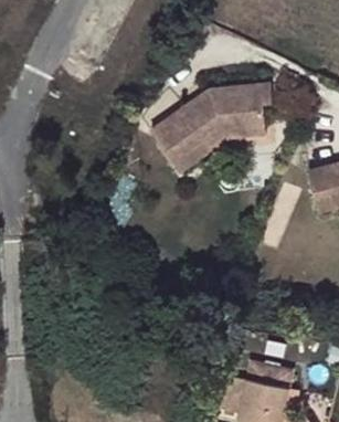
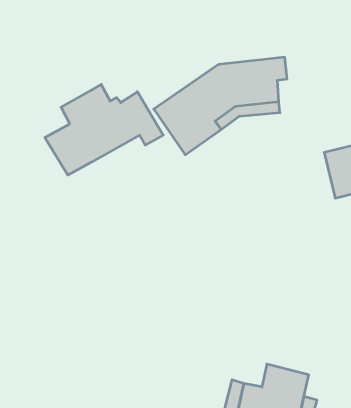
building: none -> [45,84,163,175]

